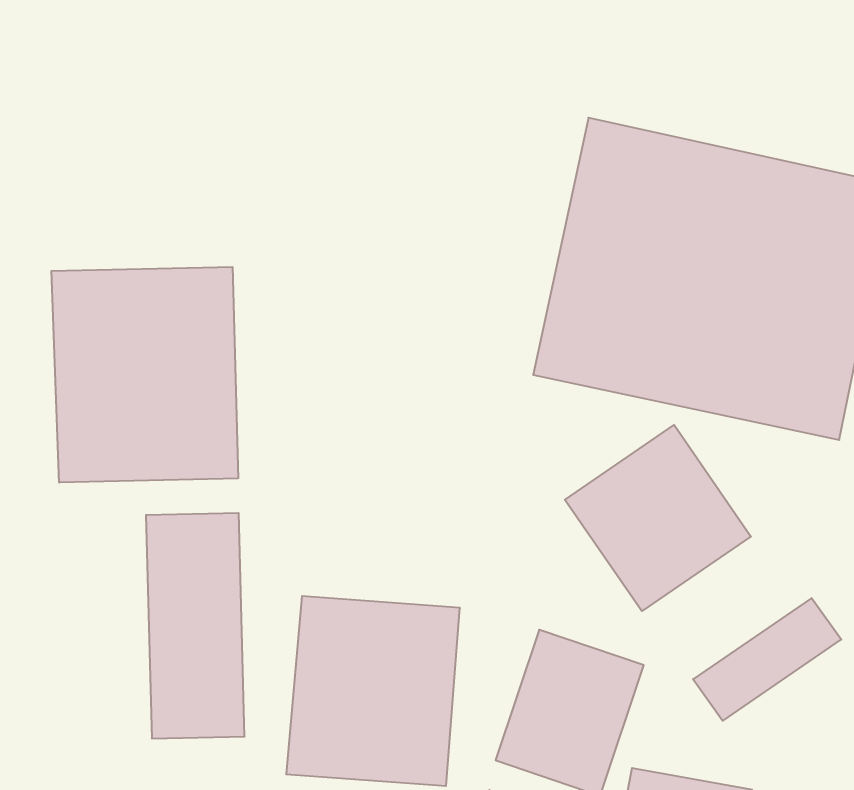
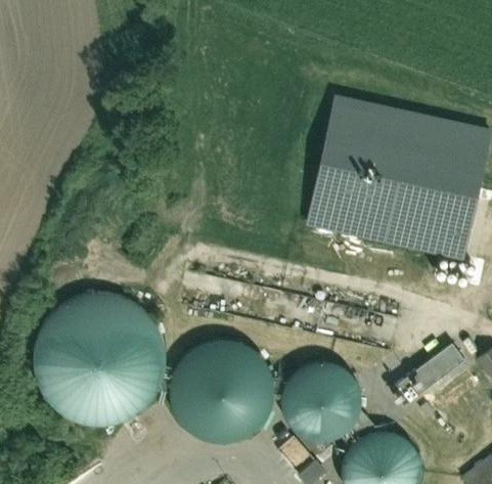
building: [51,267,238,483] -> none
building: [565,425,751,611] -> none
building: none -> [46,297,108,419]

